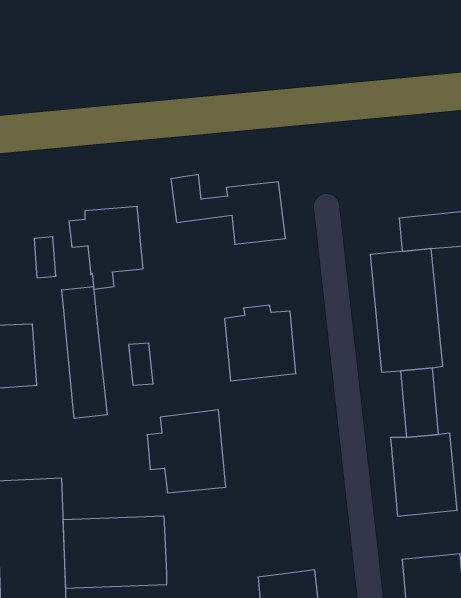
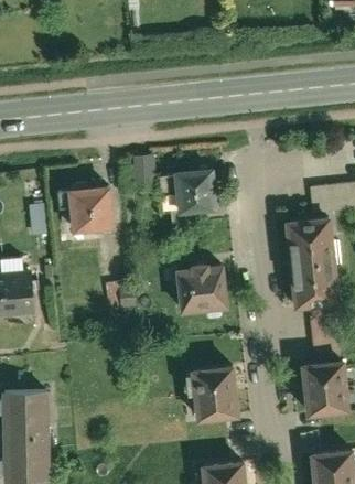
building: [62,286,107,418] -> none
building: [147,410,226,493] -> [181,357,240,420]
building: [63,516,166,588] -> none

